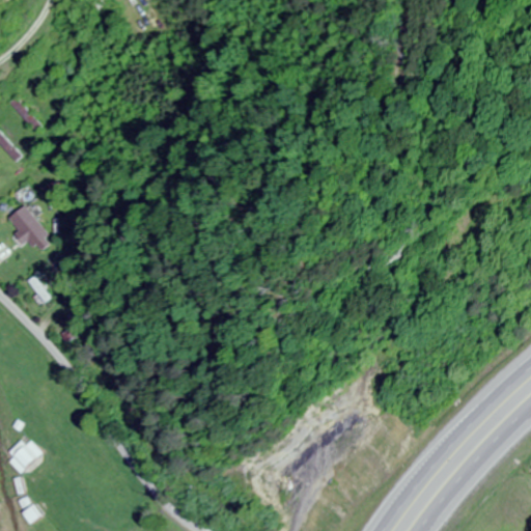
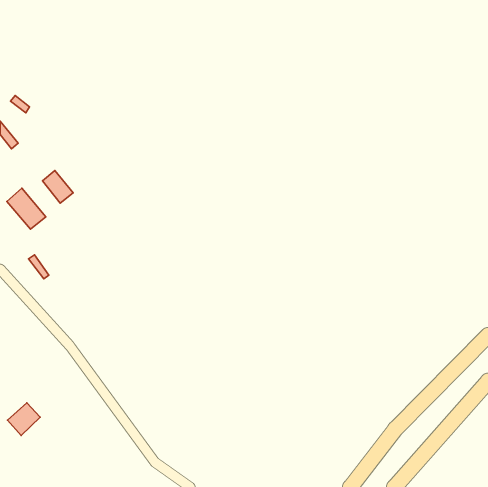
building: none -> [42,170,73,203]

